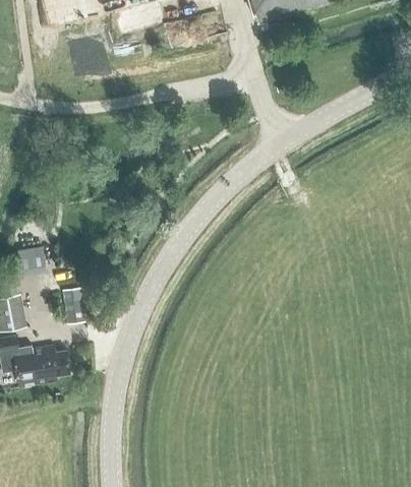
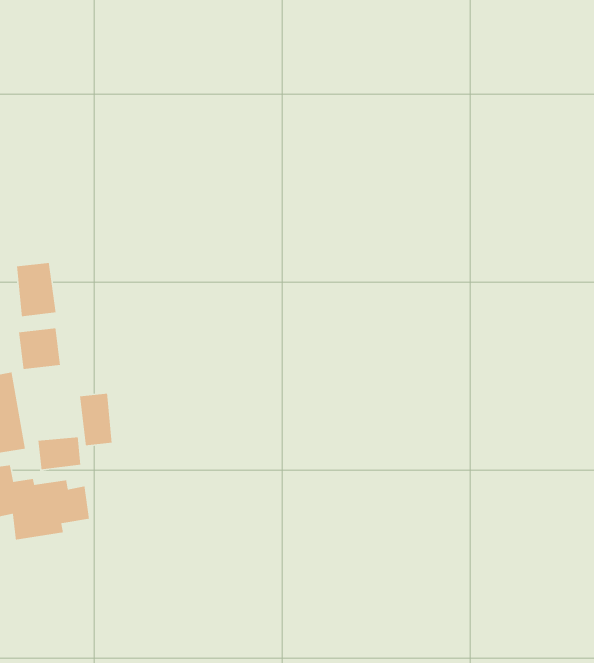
building: none -> [16,262,56,317]
building: none -> [38,437,81,470]

